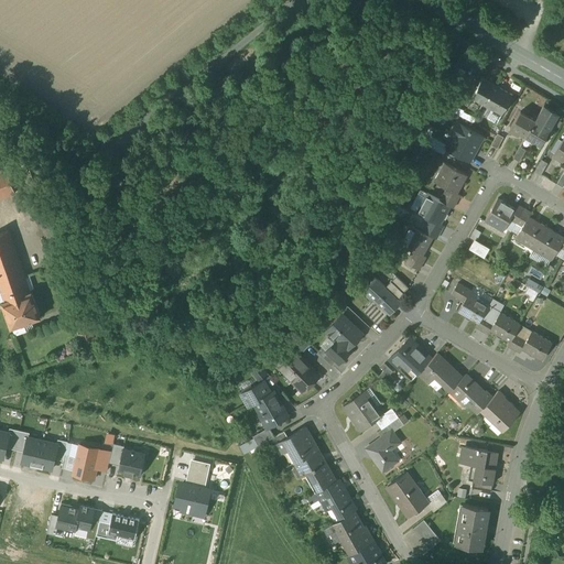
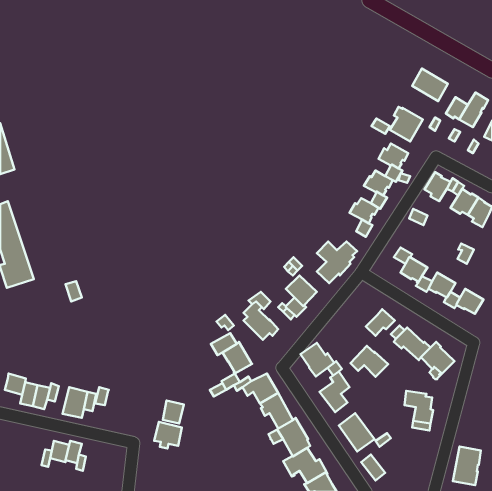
building: [389,340,432,376] -> [351,346,388,377]
building: [119,449,144,476] -> none
building: [456,506,488,550] -> [453,446,481,485]
building: [108,513,139,540] -> none

